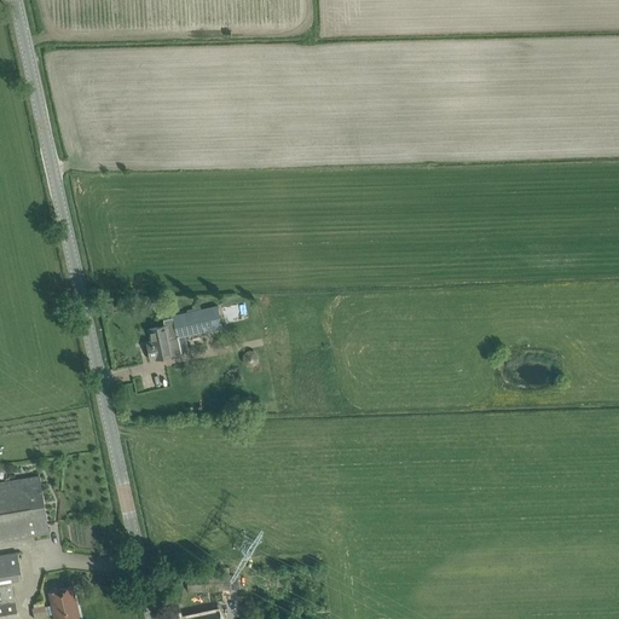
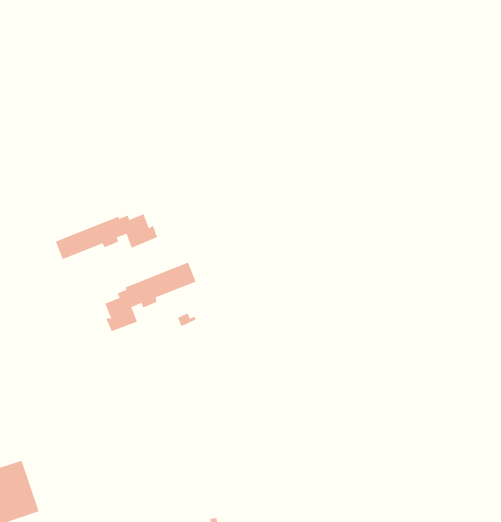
building: none -> [55,214,158,260]

